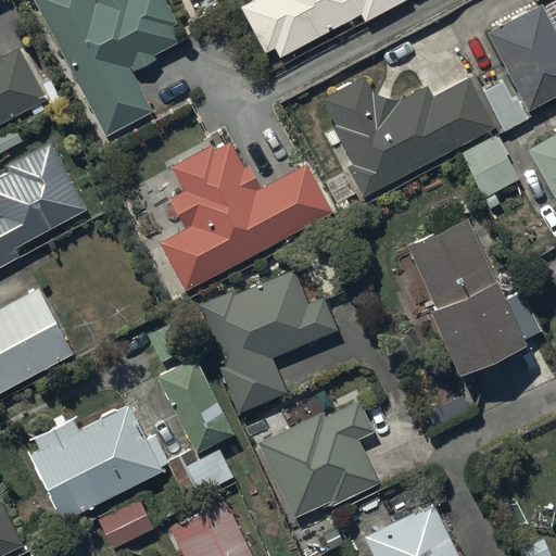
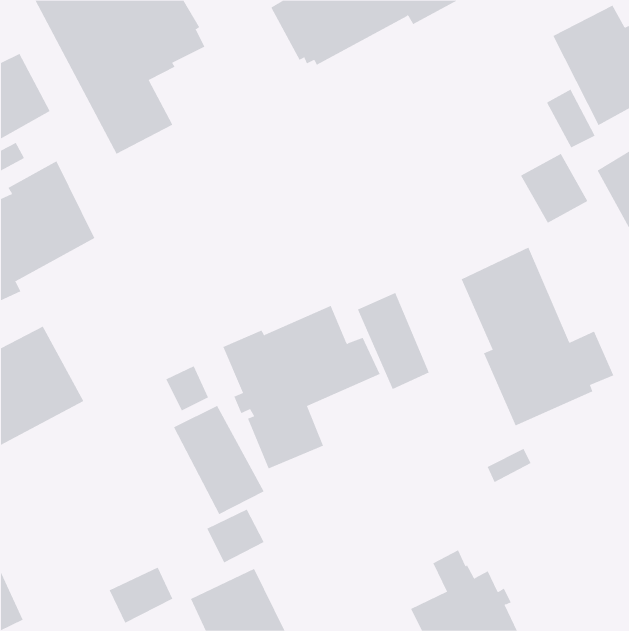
building: [321,76,494,197] -> none
building: [159,140,333,291] -> none
building: none -> [357,292,429,390]
building: [257,401,380,518] -> none
building: [28,404,168,522] -> none

